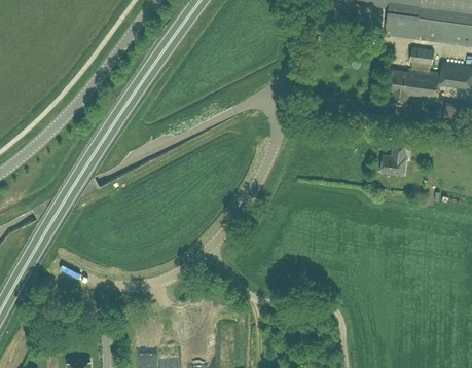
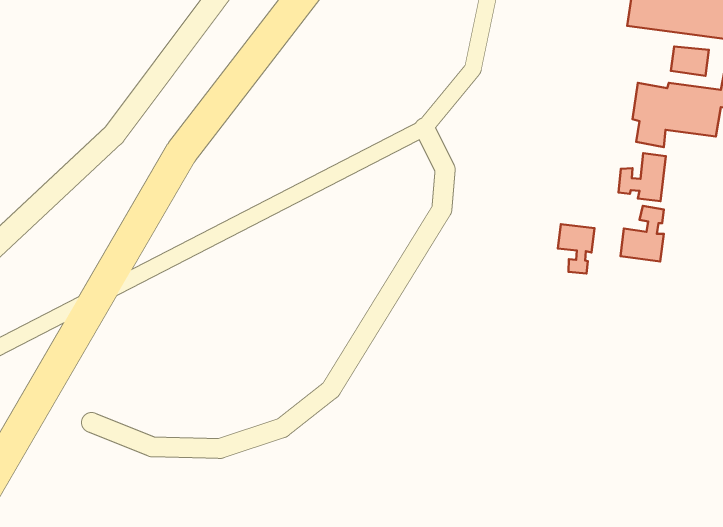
building: none -> [619,153,666,201]
building: none -> [558,224,595,273]

